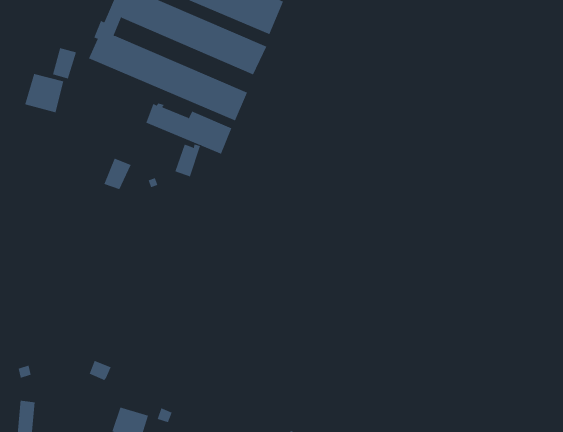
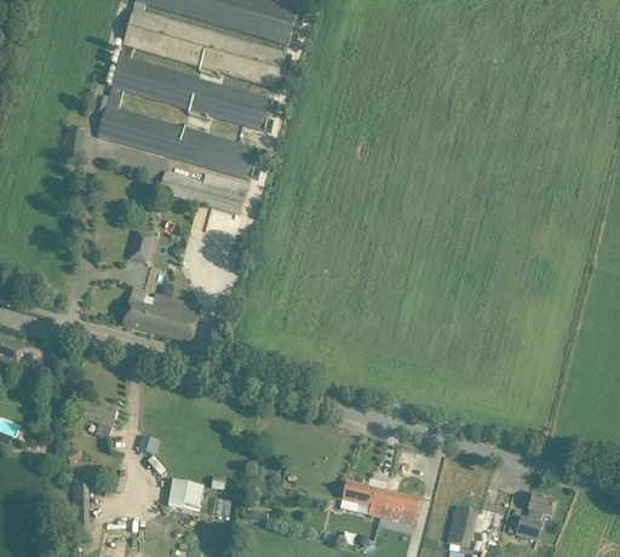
building: [24,73,64,113] -> none
building: none -> [121,288,200,344]
building: none -> [84,402,117,427]

